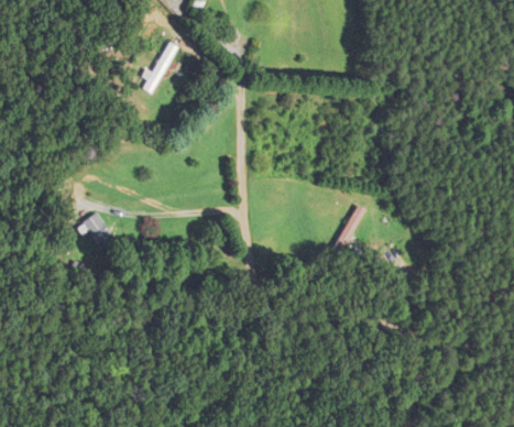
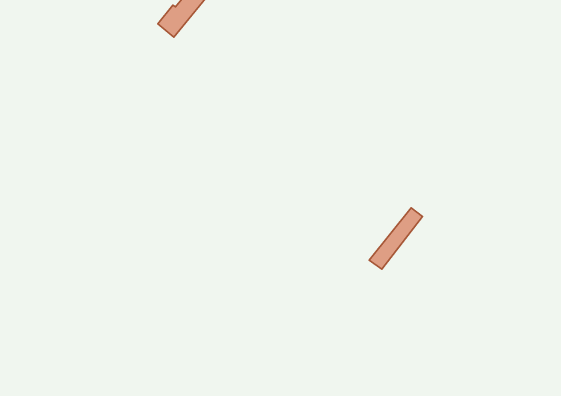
building: [77,210,117,250] -> none

